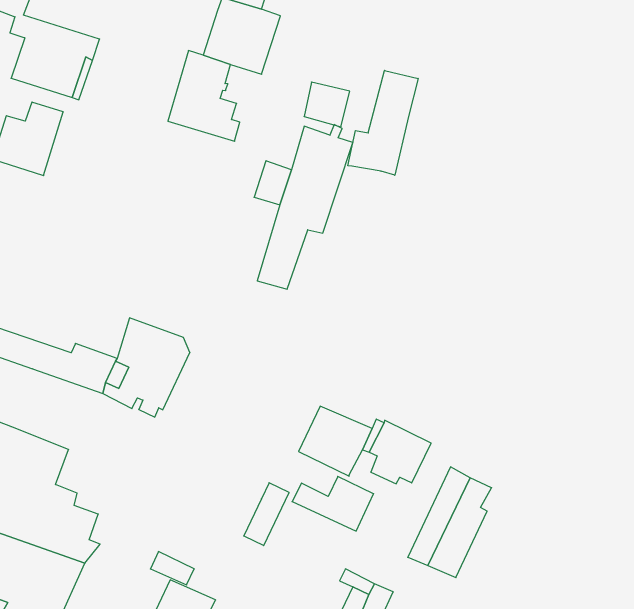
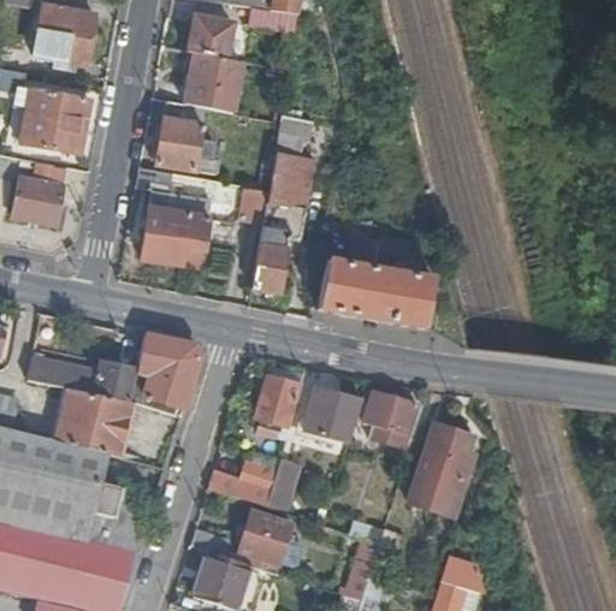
building: [348,70,418,175] -> none
building: none -> [136,165,212,263]
building: none -> [318,236,432,328]
building: none -> [58,387,132,456]
building: none -> [257,378,304,425]
building: [292,476,374,531] -> [211,462,279,506]
building: none -> [241,512,292,563]

